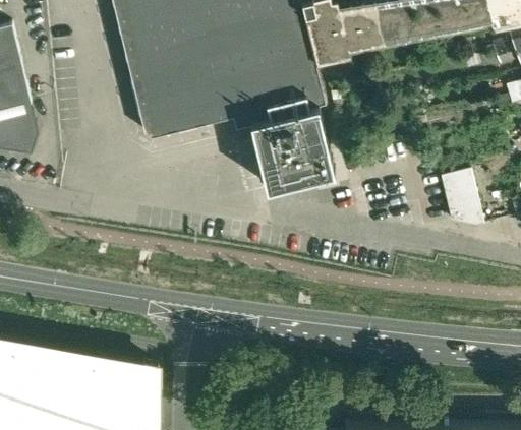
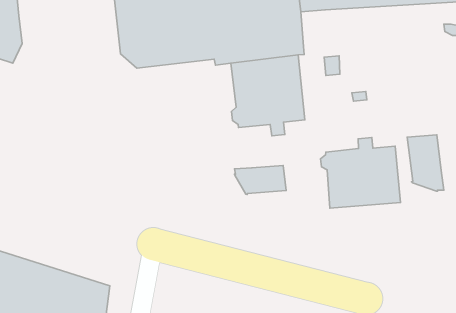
building: none -> [321,137,401,208]
building: none -> [235,165,286,195]

